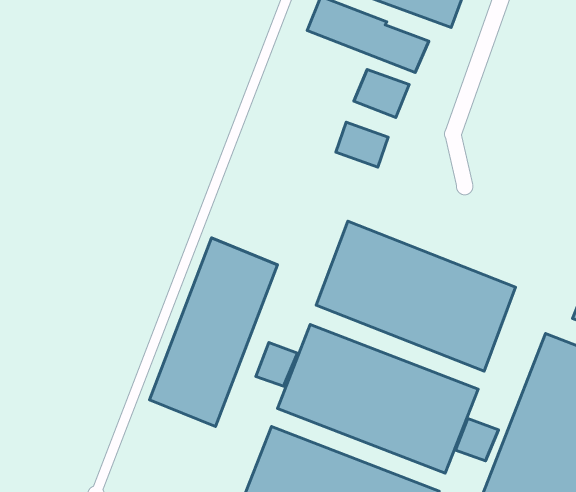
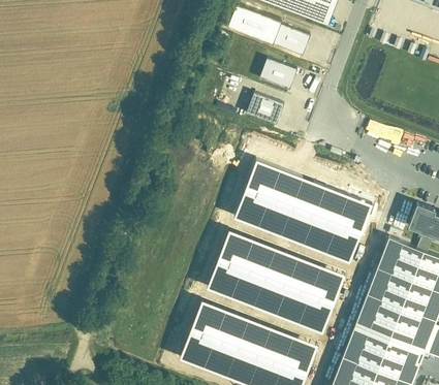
building: [149,238,278,427] -> none
building: [256,343,297,386] -> none
building: [456,418,499,461] -> none

